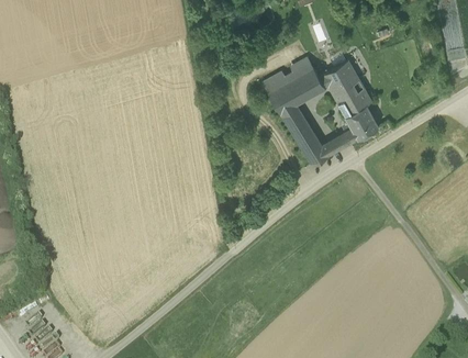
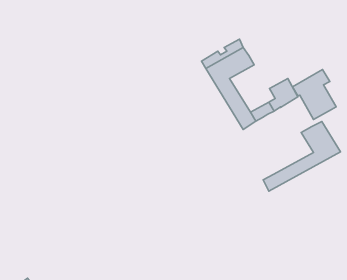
building: [319,51,371,111] -> [292,69,336,120]
building: none -> [263,122,340,191]

